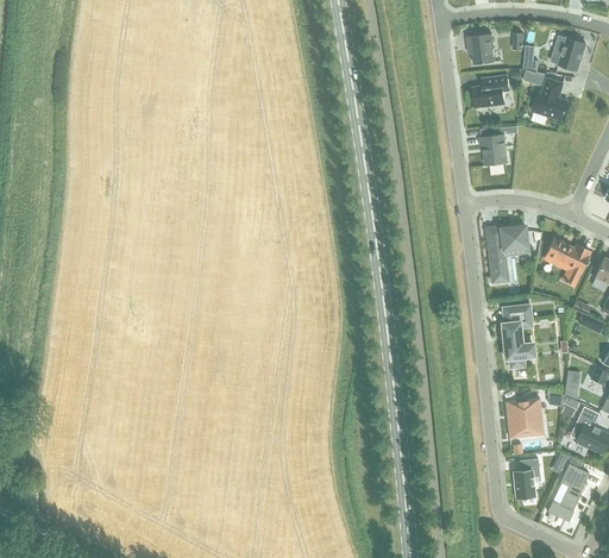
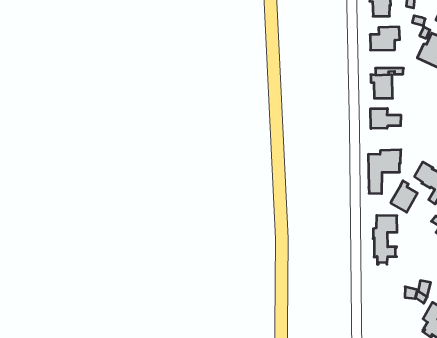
building: none -> [371,108,401,129]
building: none -> [391,181,417,212]
building: [504,397,538,437] -> none

